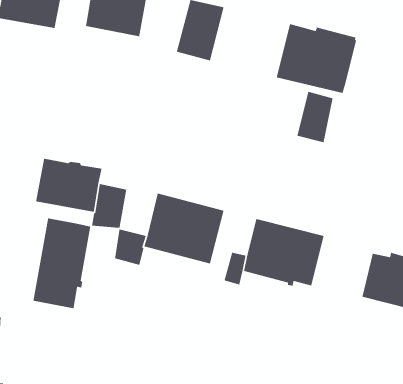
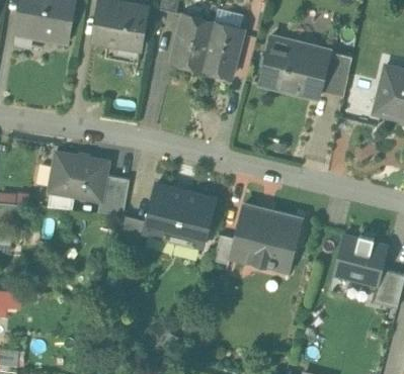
building: none -> [201,22,243,77]
building: [296,91,333,143] -> [319,52,351,97]
building: [33,217,91,309] -> none

